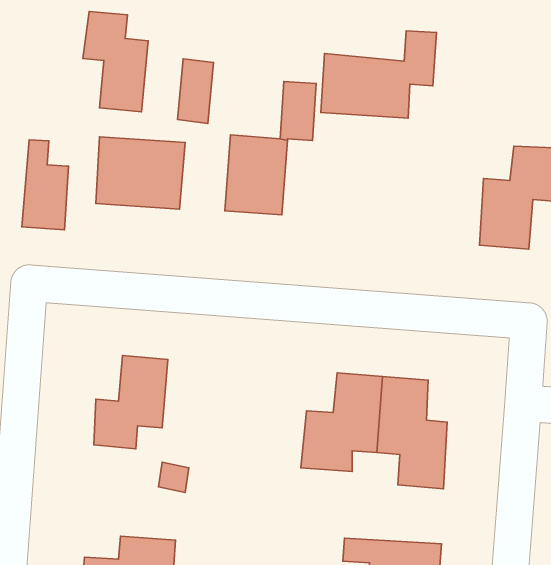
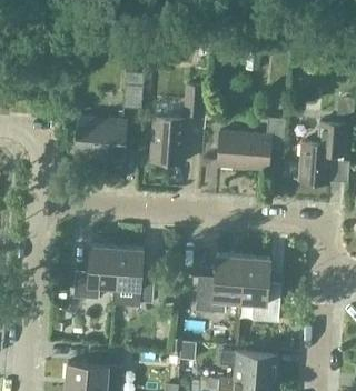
building: [83,12,148,112] -> none
building: [321,31,437,118] -> [217,119,285,170]
building: [22,140,69,230] -> none
building: none -> [111,248,154,307]

